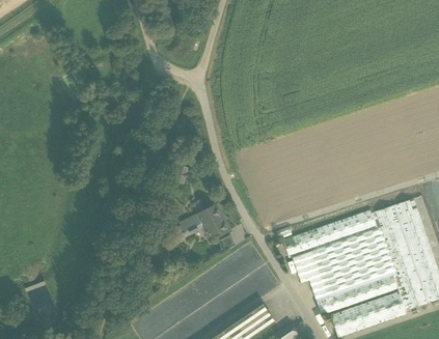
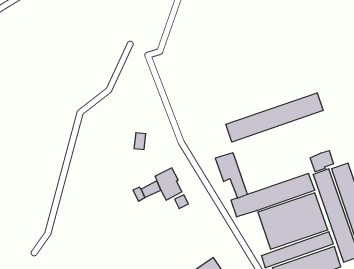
building: none -> [226,93,323,142]
building: none -> [310,151,333,172]
building: [293,252,329,303] -> [215,153,248,198]

